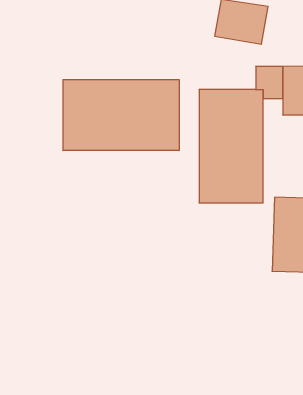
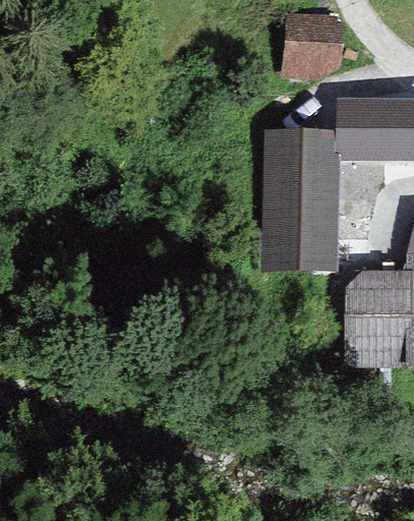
building: [63,80,179,151] -> none

